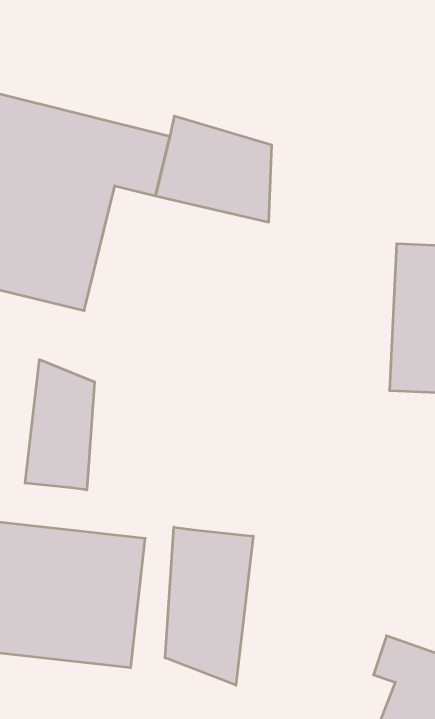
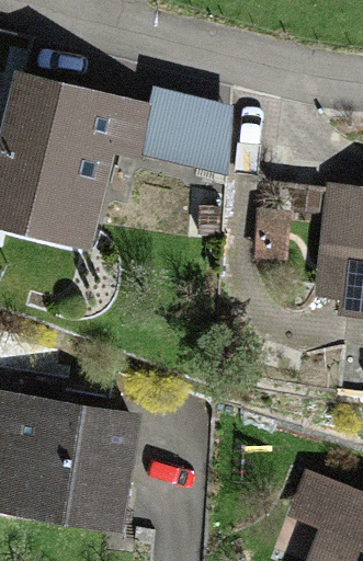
building: [25,360,94,490] -> none
building: [165,527,253,685] -> none

